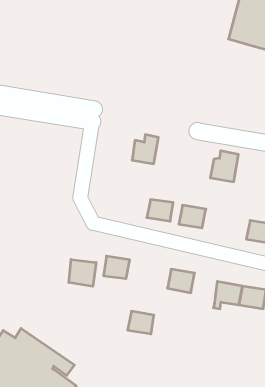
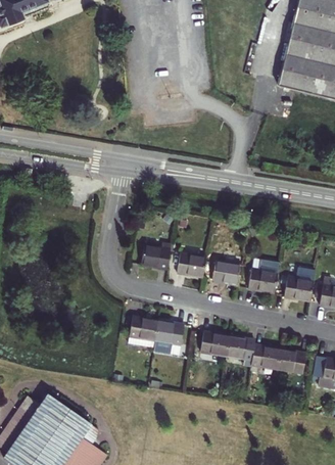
building: [132,135,158,164] -> [145,238,174,270]
building: [210,151,238,182] -> [251,261,282,294]
building: [69,259,96,286] -> none
building: none -> [228,334,256,367]
building: [128,311,154,334] -> [157,320,186,344]

